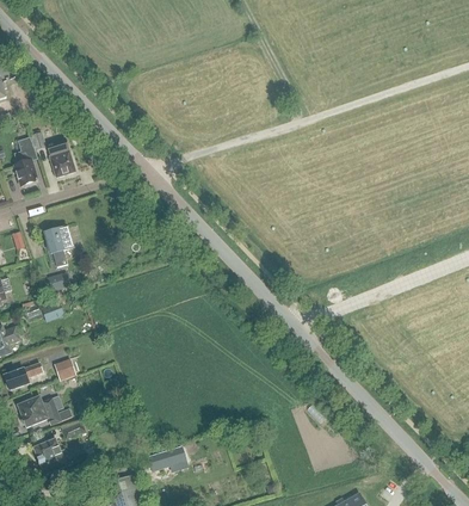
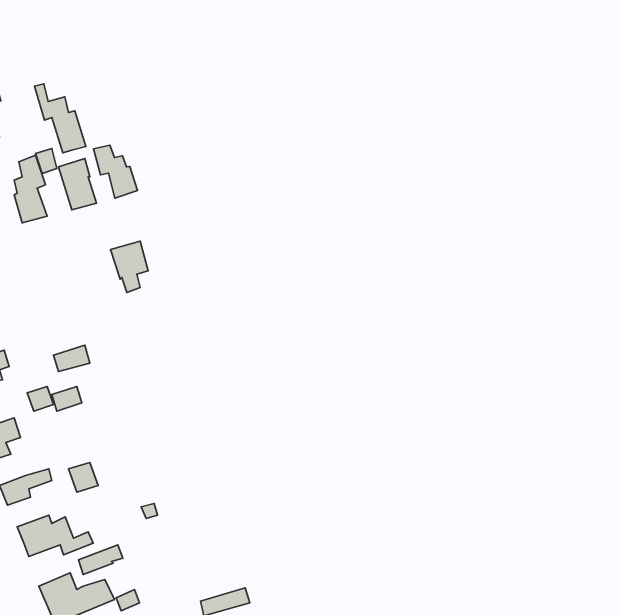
building: none -> [34,84,86,153]
building: none -> [94,145,137,198]
building: [44,227,72,264] -> [110,241,148,292]

